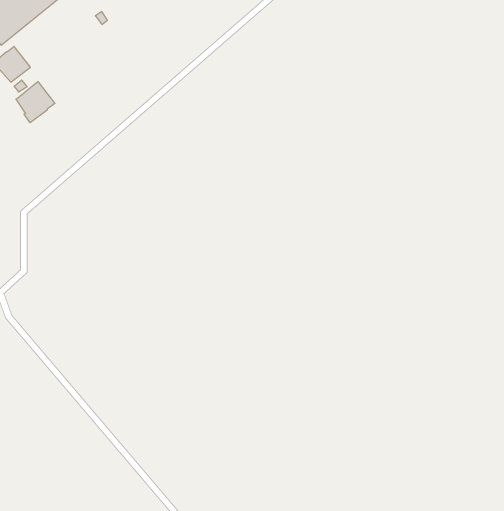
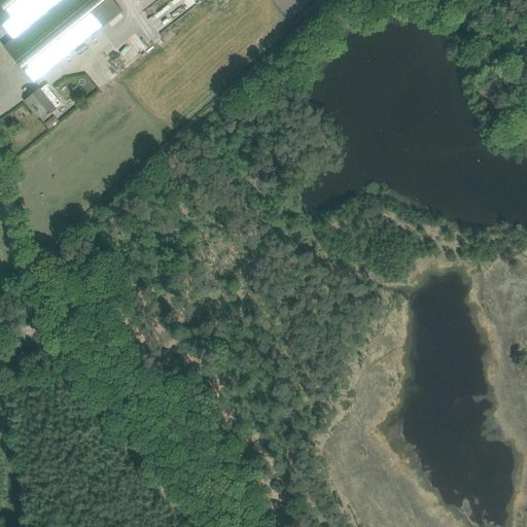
building: [16,82,55,123] -> none

